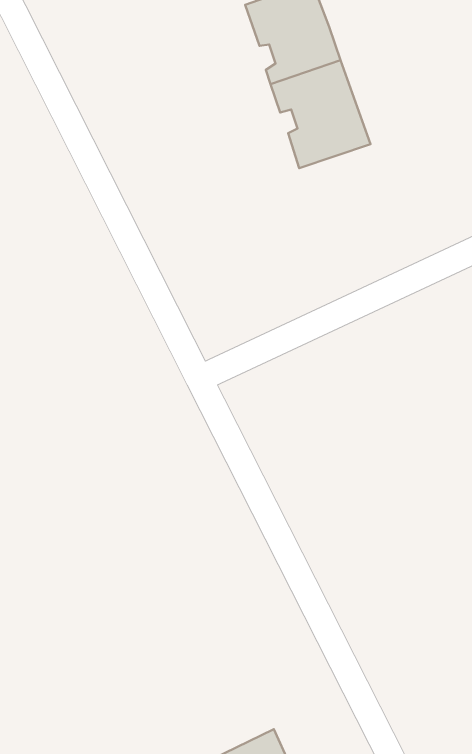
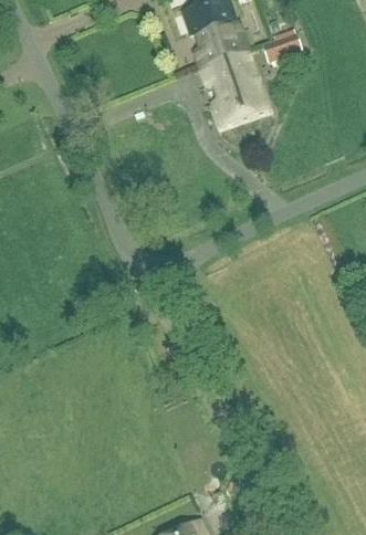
building: none -> [263,31,304,62]

